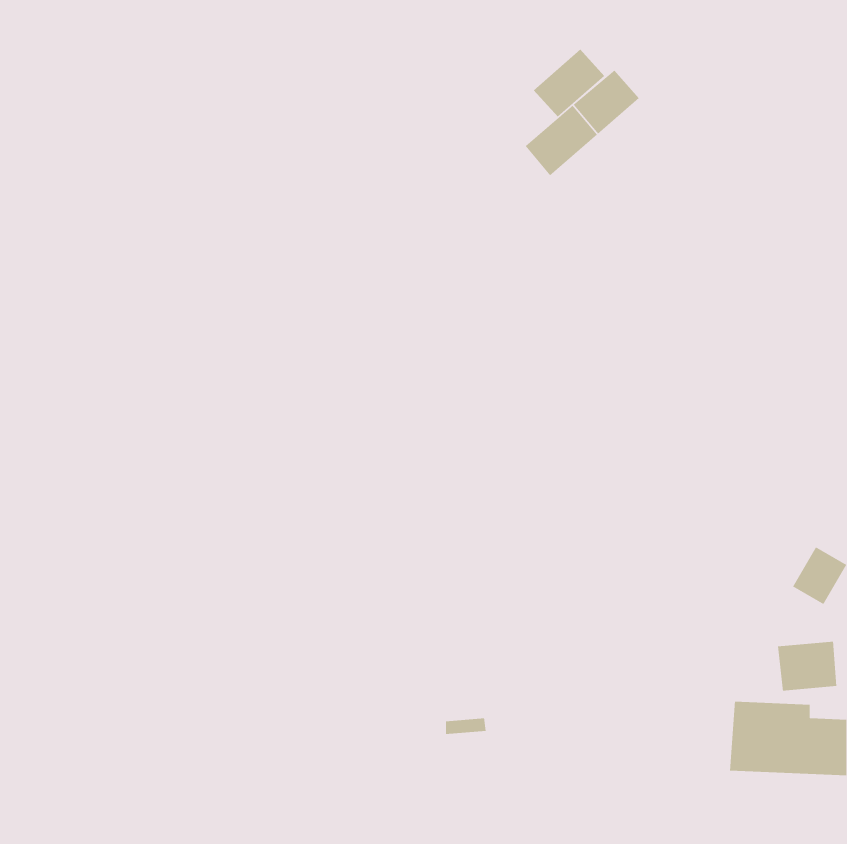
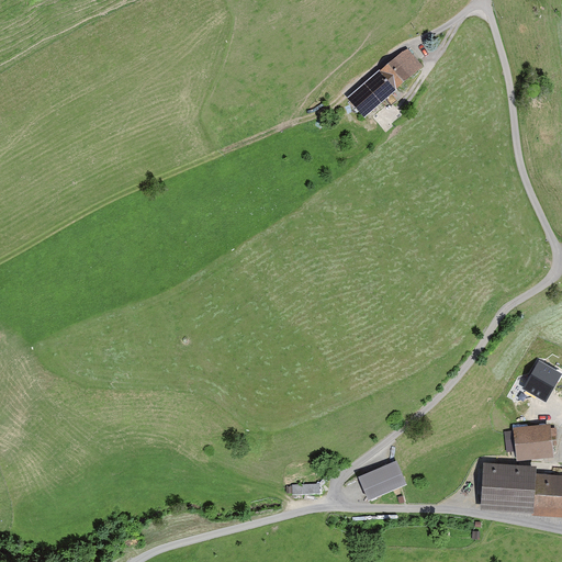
building: [533,49,605,118] -> none
building: none -> [359,461,406,499]

